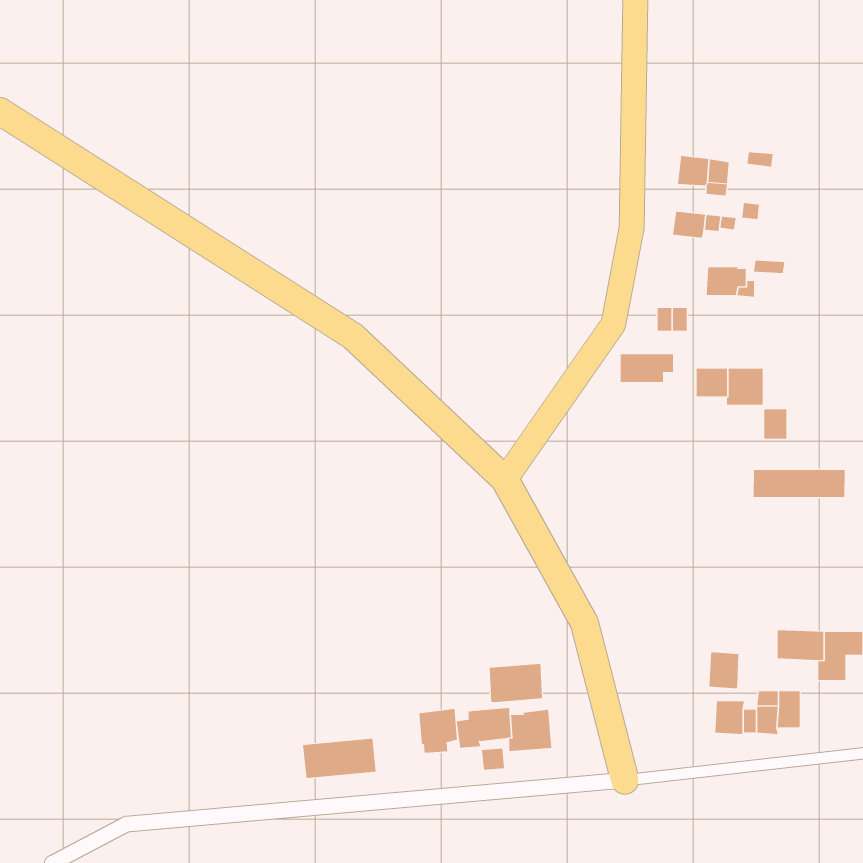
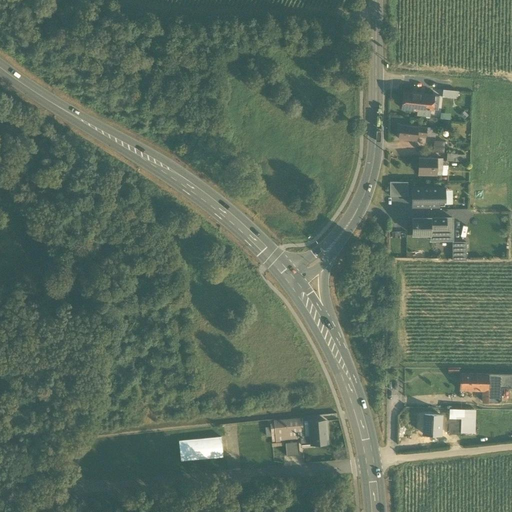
building: [620,354,674,383] -> [412,189,444,206]
building: [753,469,845,498] -> none
building: [709,651,739,689] -> none
building: [489,663,543,703] -> none
building: [419,708,458,754] -> none

